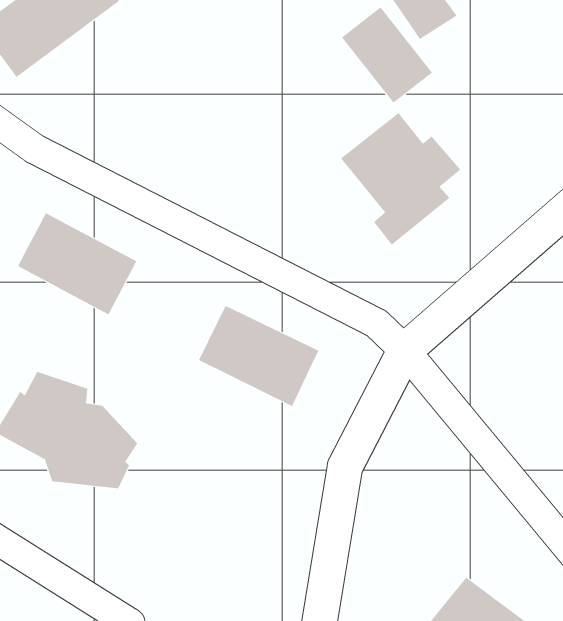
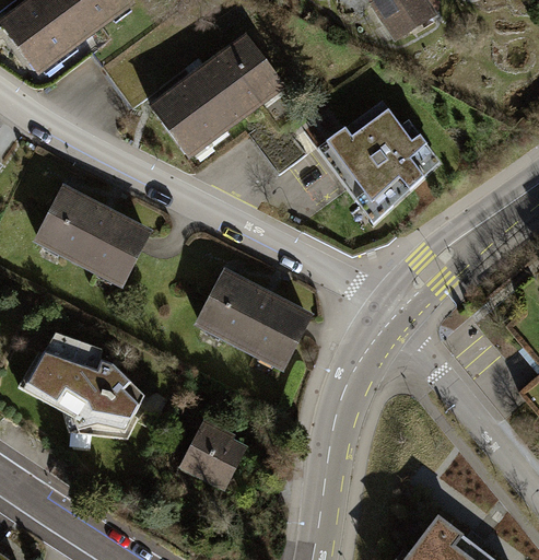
building: [341,7,433,103] -> none
building: none -> [152,39,279,154]
building: none -> [181,424,244,488]

